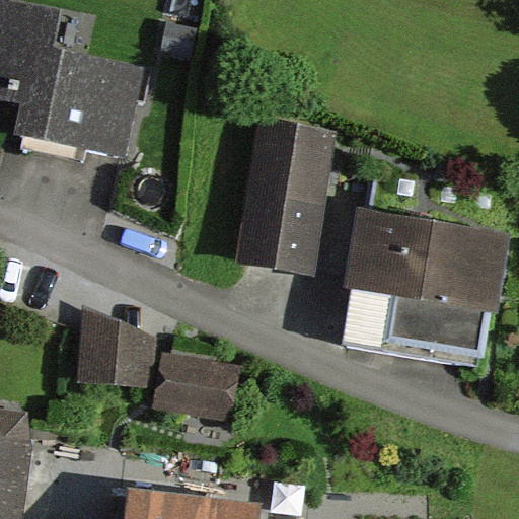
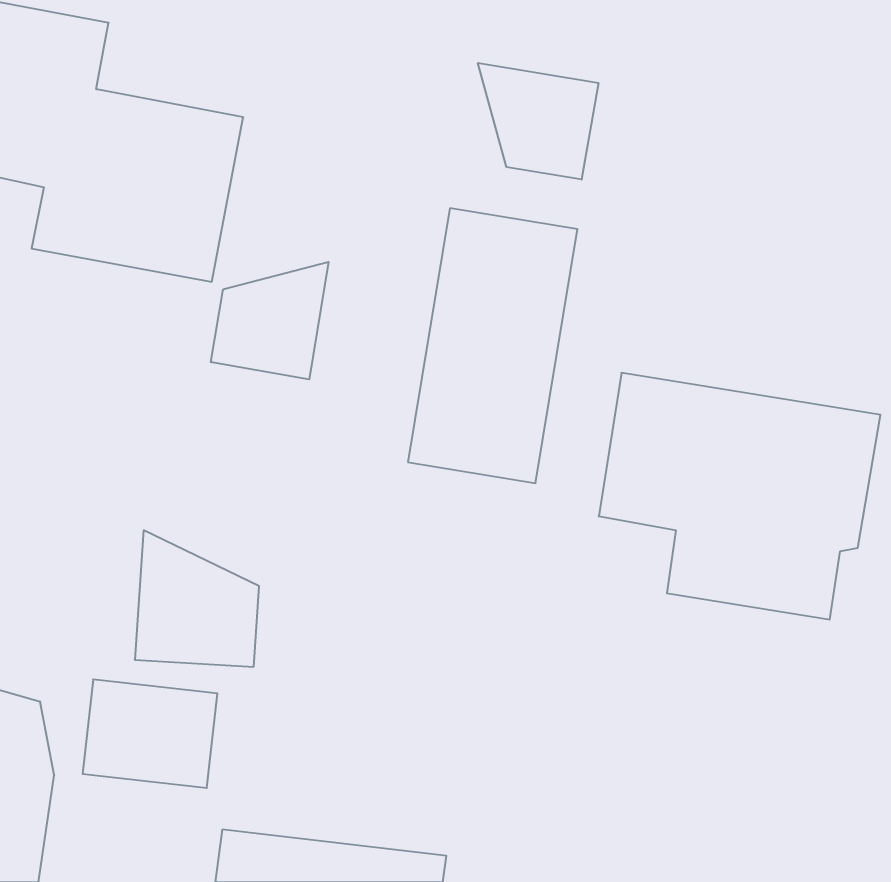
building: none -> [478,63,599,180]
building: none -> [211,262,329,379]
building: [155,352,233,415] -> [83,679,217,788]

